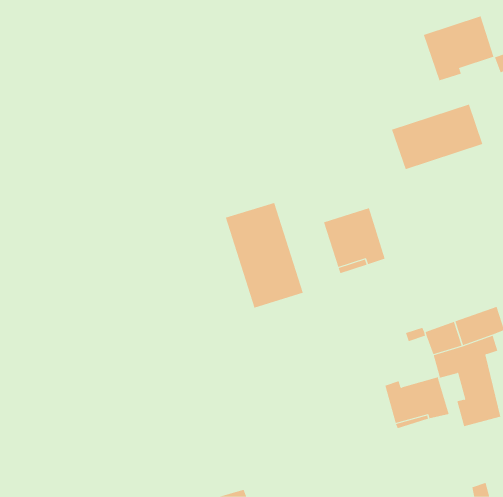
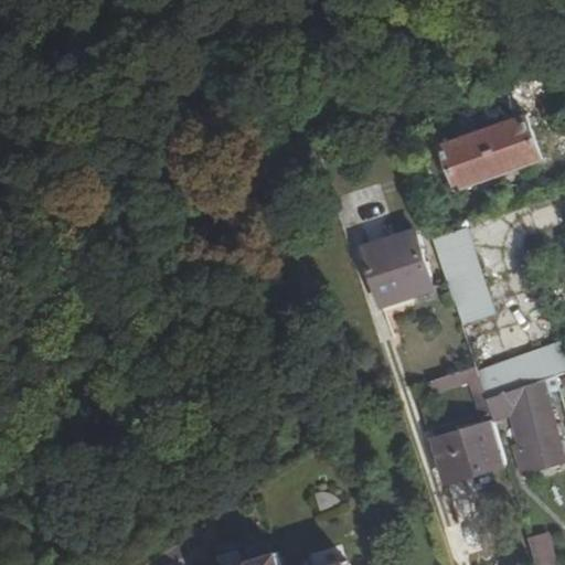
building: [423,15,494,81] -> none
building: [225,202,304,308] -> none
building: none -> [431,227,493,327]

